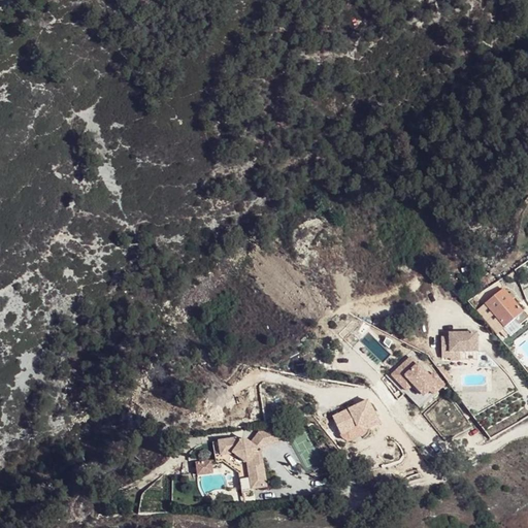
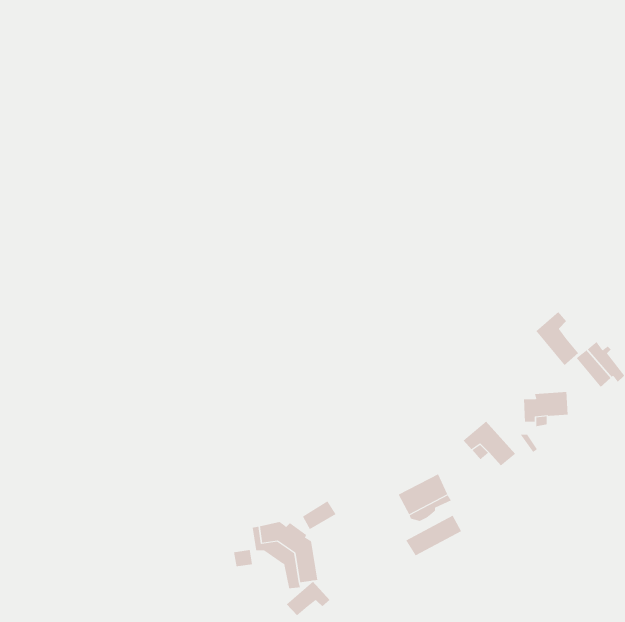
building: none -> [536,311,579,366]
building: none -> [406,515,462,556]
building: none -> [286,581,330,616]

